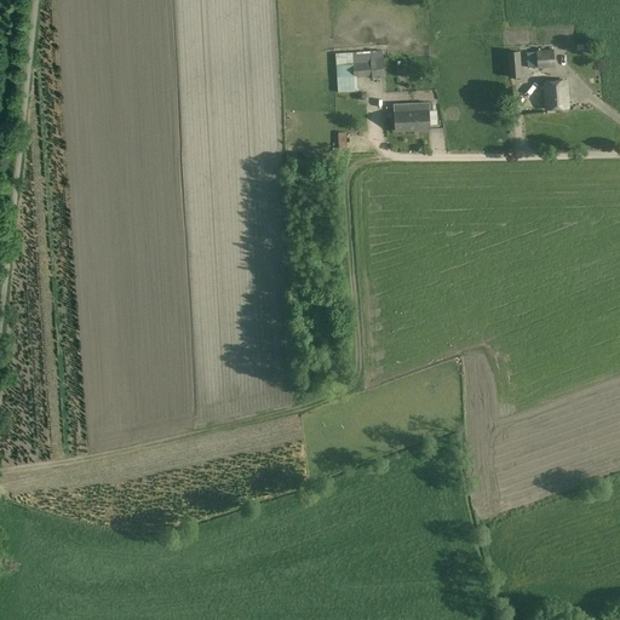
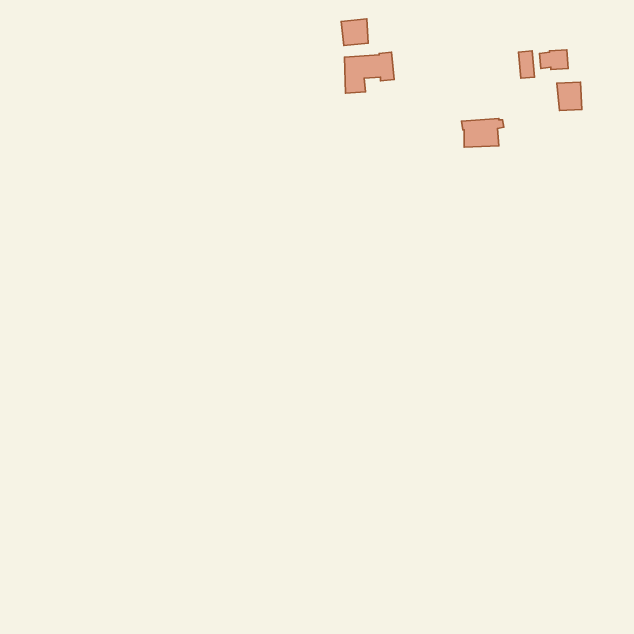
building: none -> [341,19,368,45]
building: [391,101,432,128] -> [462,119,504,147]

